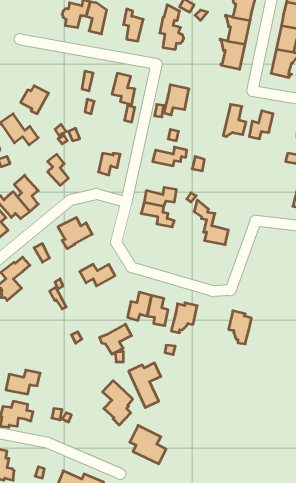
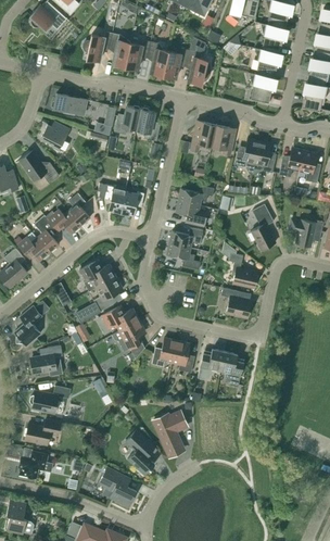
building: none -> [125,40,151,70]
building: none -> [163,49,189,78]
building: none -> [53,93,87,115]
building: none -> [114,105,141,135]
building: none -> [212,125,236,155]
building: none -> [234,138,259,174]
building: none -> [300,151,320,184]
building: none -> [98,184,127,212]
building: none -> [176,201,206,227]
building: none -> [252,204,275,250]
building: none -> [46,209,81,235]
building: none -> [289,219,323,244]
building: none -> [94,277,123,312]
building: none -> [221,288,251,318]
building: none -> [31,345,63,376]
building: [229,311,251,344] -> [220,352,244,387]
building: [99,324,132,354] -> [112,320,145,352]
building: none -> [29,386,71,414]
building: [130,425,166,464] -> [99,467,137,507]

